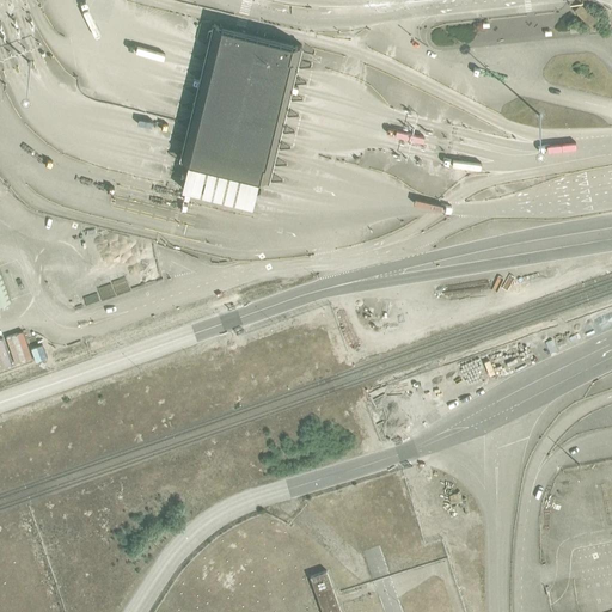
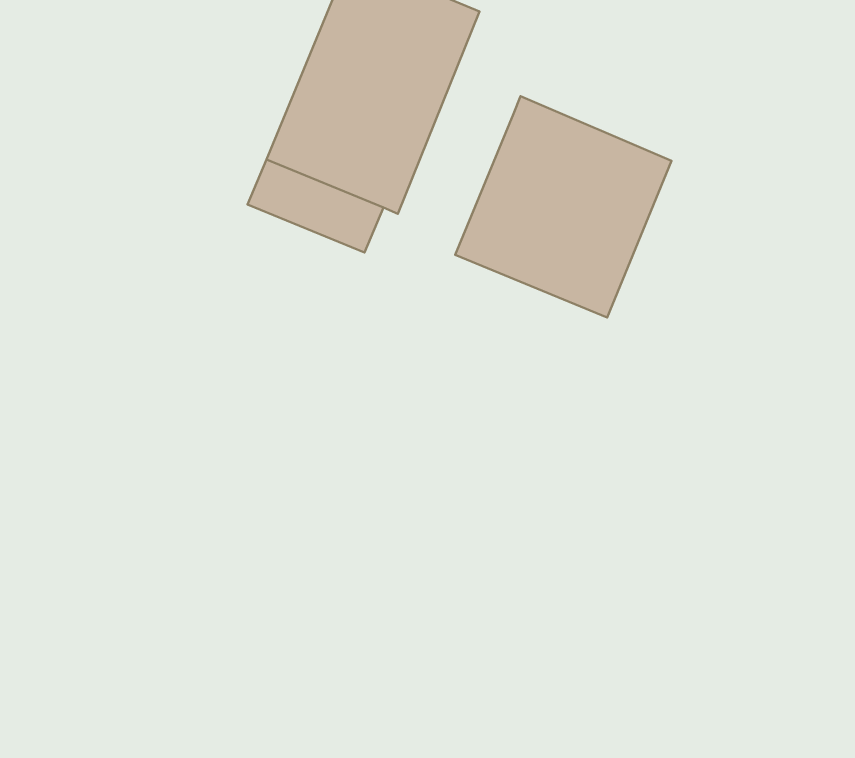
building: none -> [455,96,671,318]

